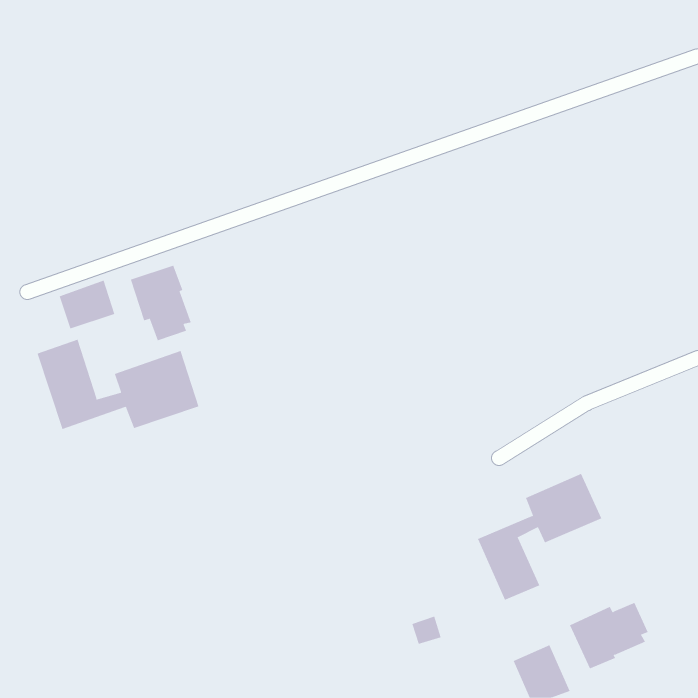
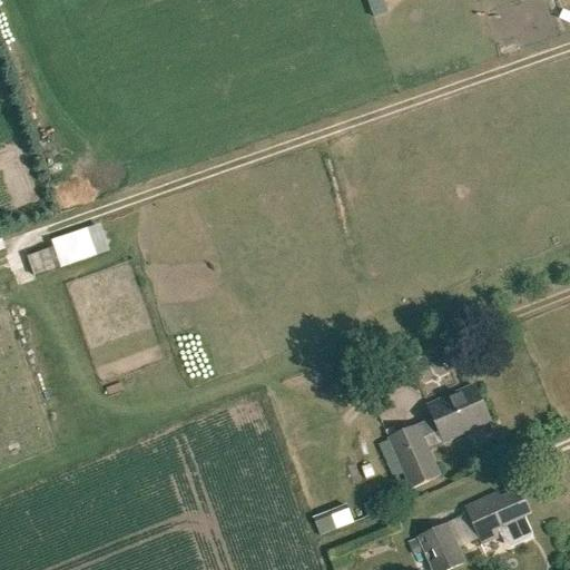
building: [130,265,192,341] -> none
building: [37,339,199,430] -> none

